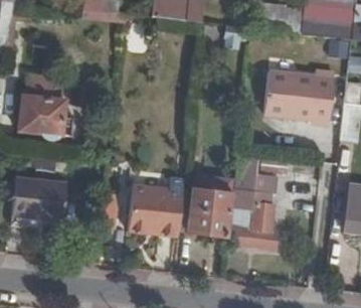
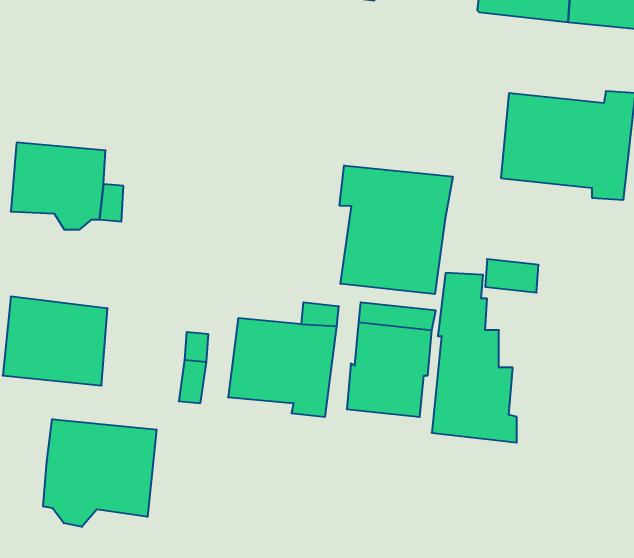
building: none -> [340,165,453,294]
building: none -> [43,419,156,527]

